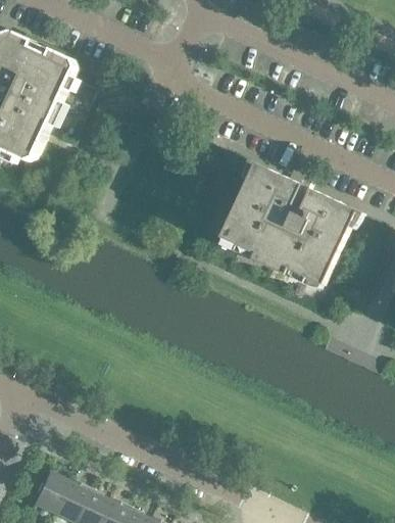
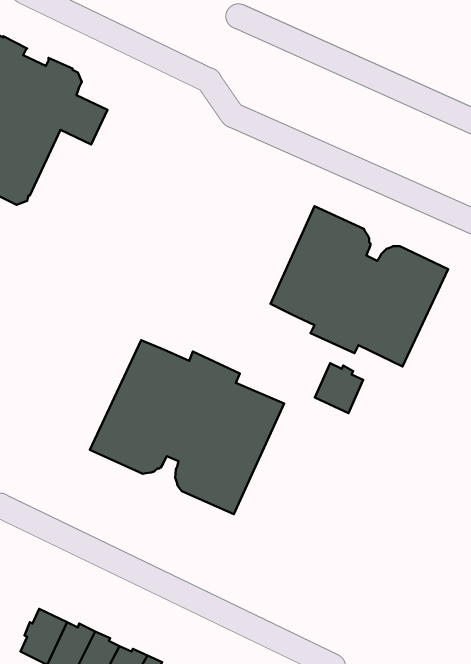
building: none -> [90,340,284,514]
building: none -> [315,363,363,413]

